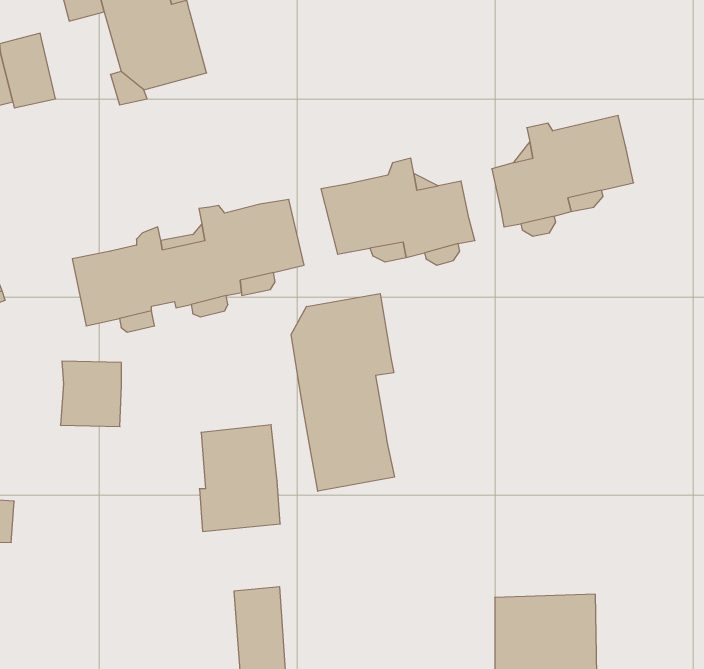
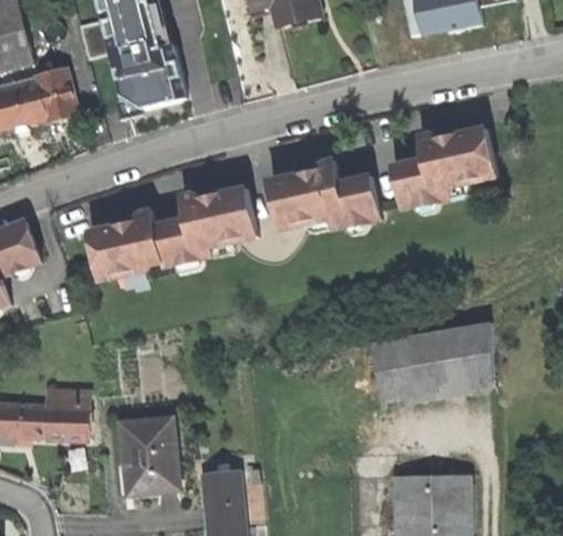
building: [291,294,394,491] -> none
building: [60,361,121,427] -> [44,389,88,437]
building: none -> [372,319,491,400]
building: [199,425,280,531] -> [119,417,178,494]

